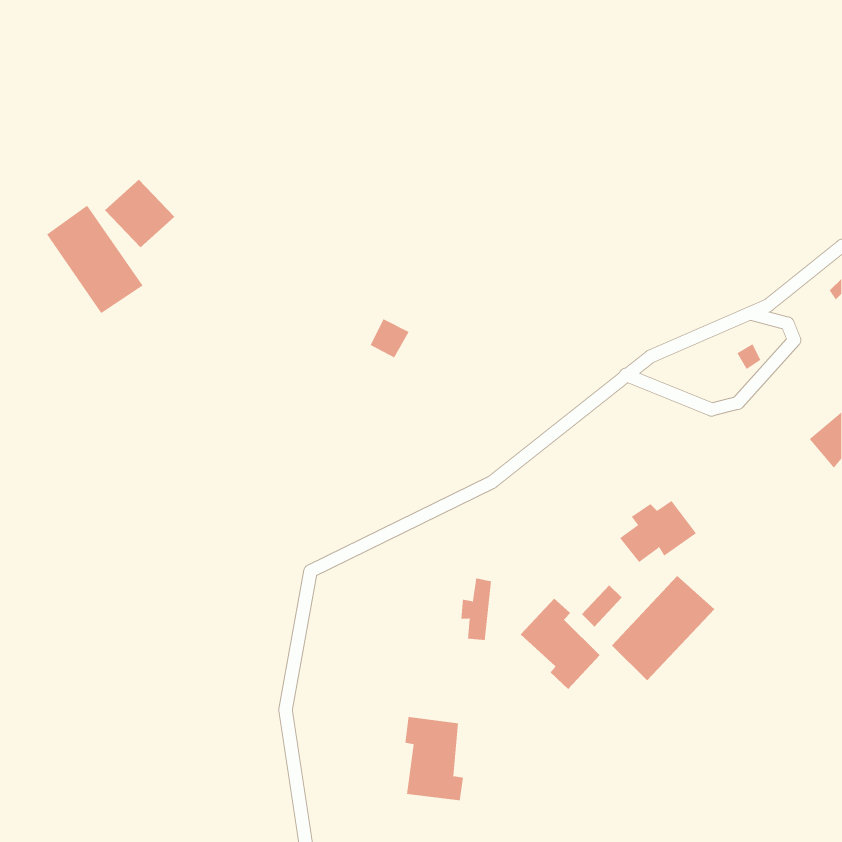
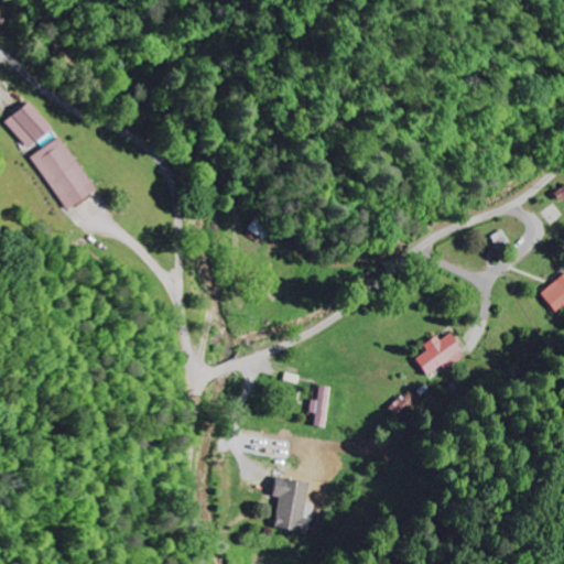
building: [104,179,175,248] -> [4,101,52,148]
building: [611,575,715,681] -> none
building: [520,598,600,690] -> none

